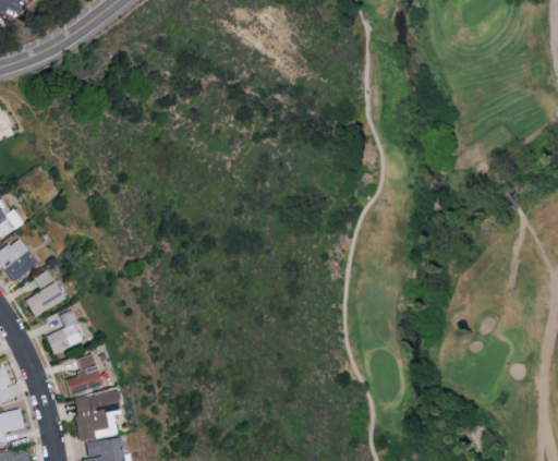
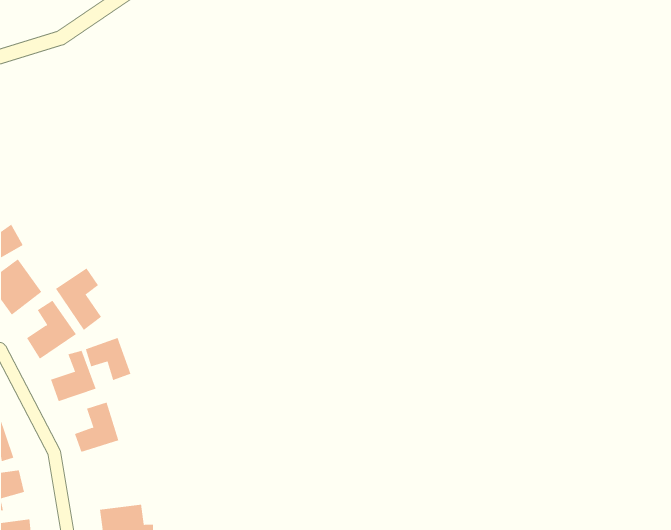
building: none -> [55,268,102,331]
building: none -> [85,337,131,381]
building: [71,389,121,441] -> none

